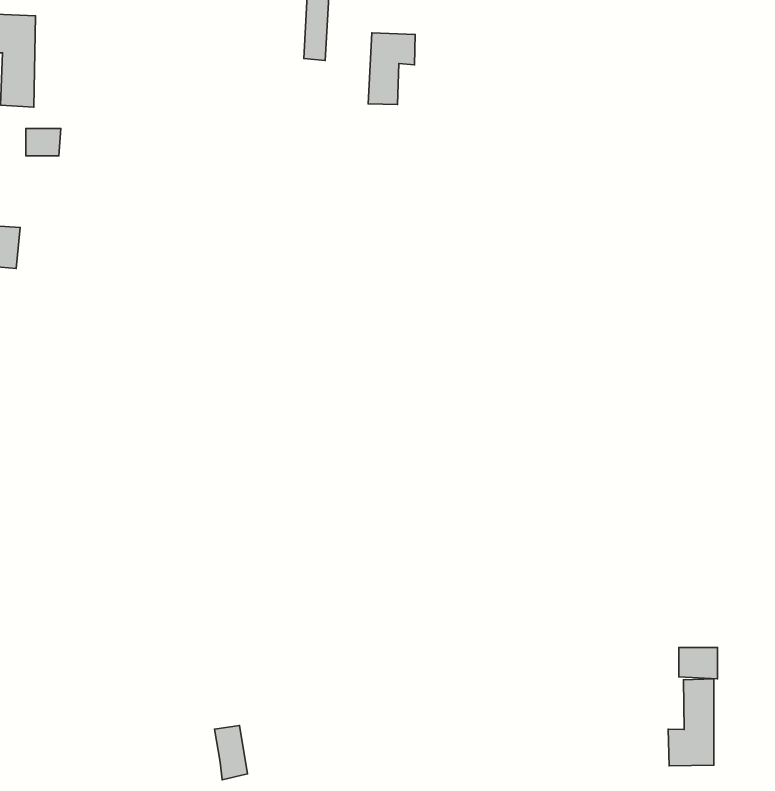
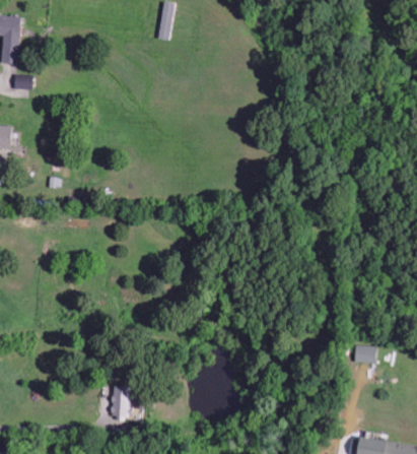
building: [368,33,415,104] -> none
building: [668,679,714,766] -> none

